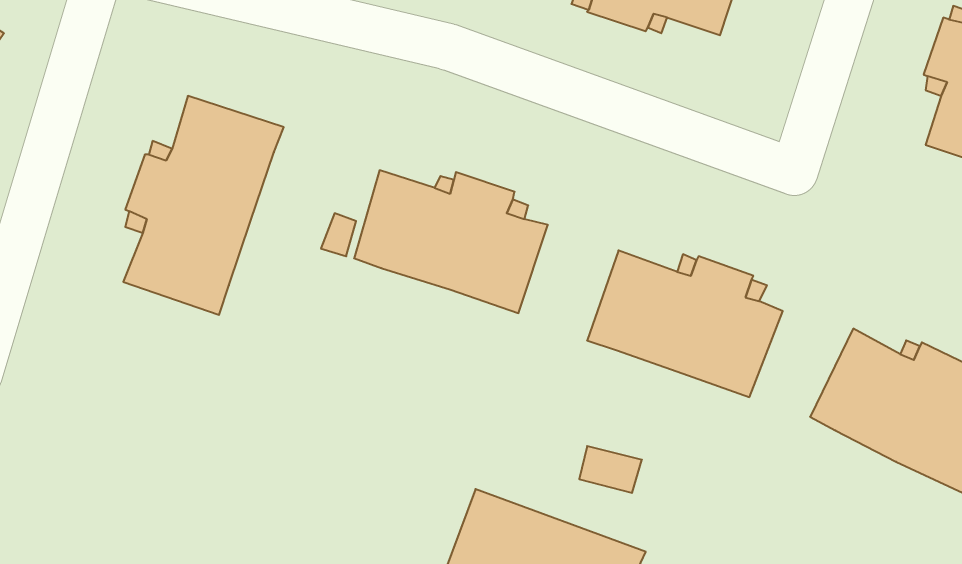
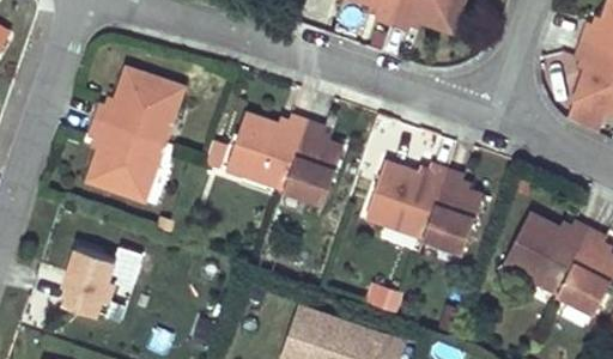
building: none -> [65,247,117,315]

